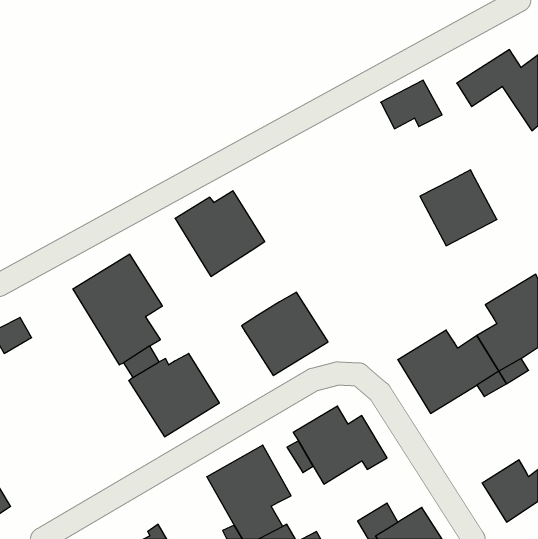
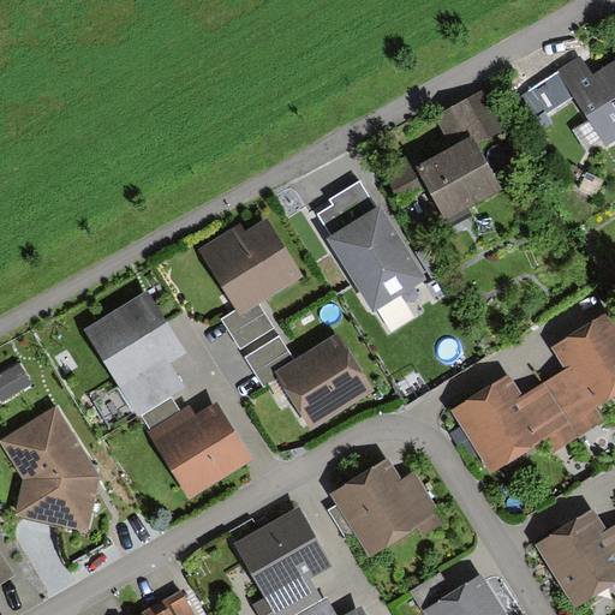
building: none -> [317,181,423,334]
building: [420,170,497,246] -> [414,135,502,221]
building: none -> [221,304,273,350]
building: none -> [245,335,293,386]
building: none -> [6,413,94,521]

